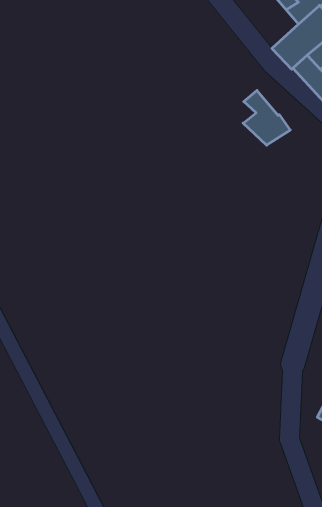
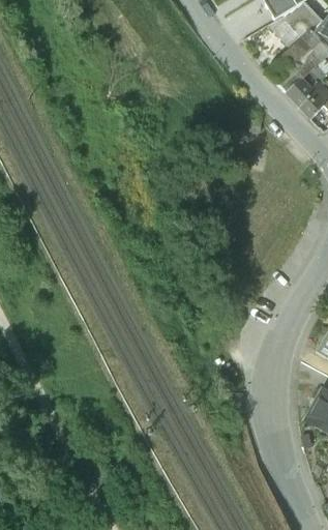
building: [243,90,290,145] -> none

